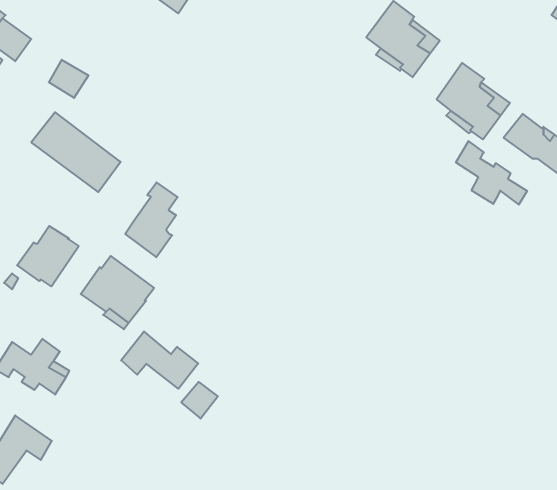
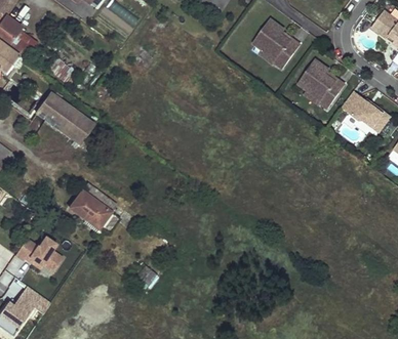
building: [456,141,527,205] -> none
building: [125,182,178,257] -> none
building: [17,226,79,286] -> none
building: [121,331,198,389] -> none

